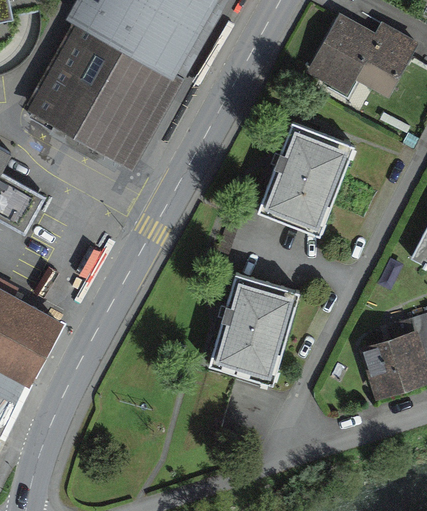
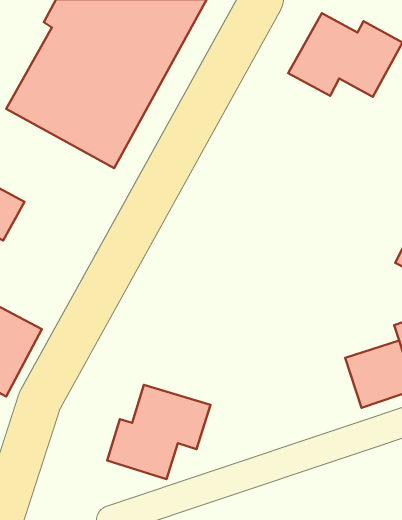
building: [259,124,353,235] -> none
building: [210,271,302,385] -> none
building: none -> [107,385,211,479]

